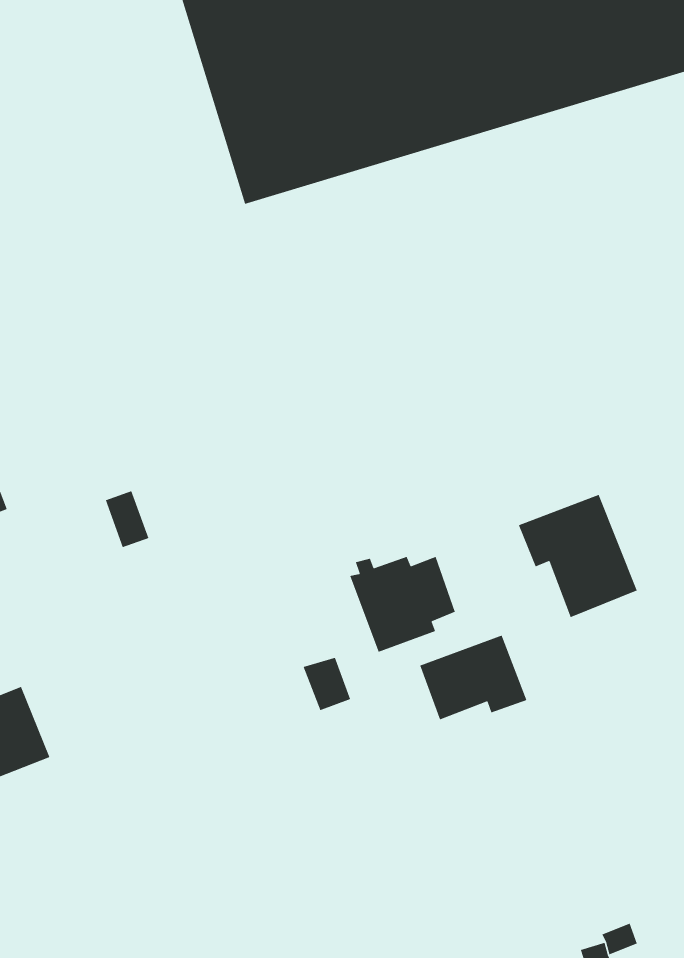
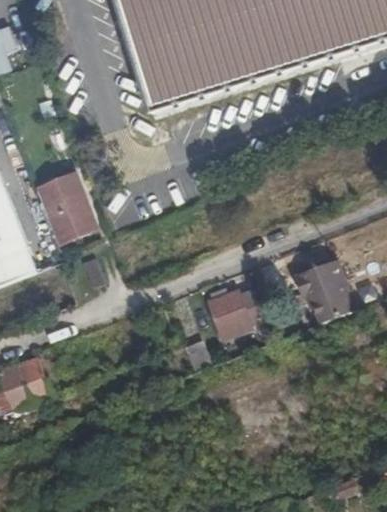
building: none -> [39,166,101,239]
building: [419,635,527,721] -> none

